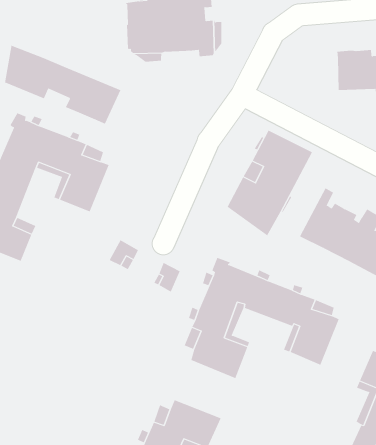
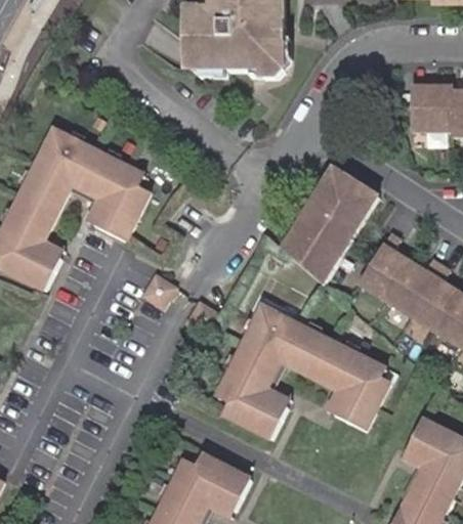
building: [5,45,121,124] -> none

